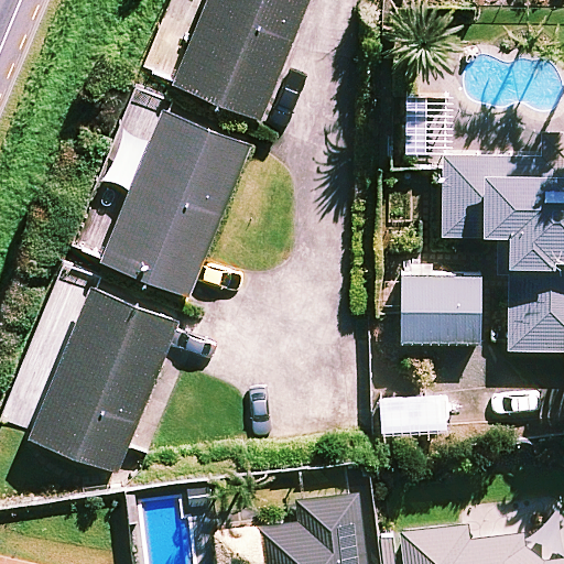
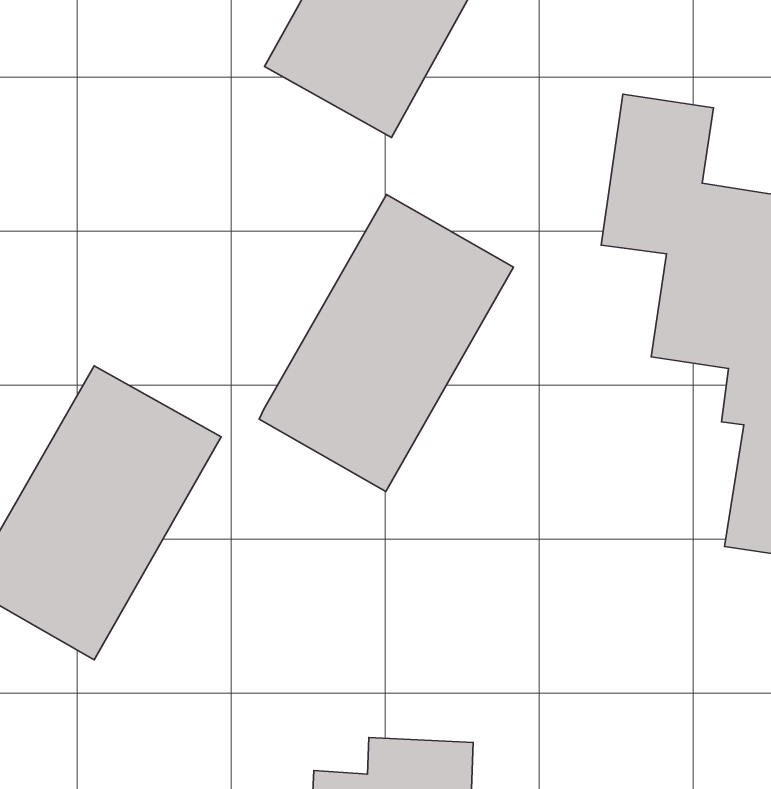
building: [102,109,250,296] -> [259,194,513,492]
building: [383,276,479,343] -> none

